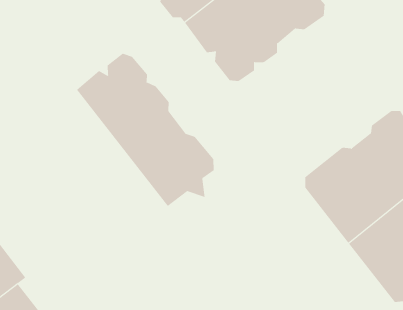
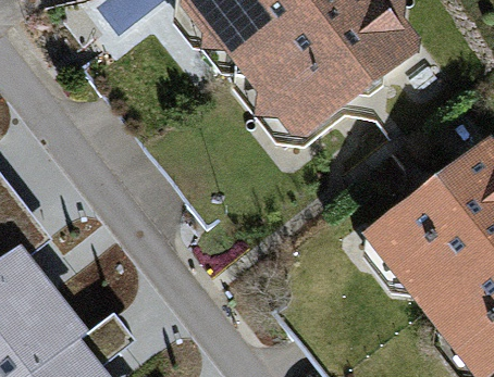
building: [76,53,214,207] -> none

